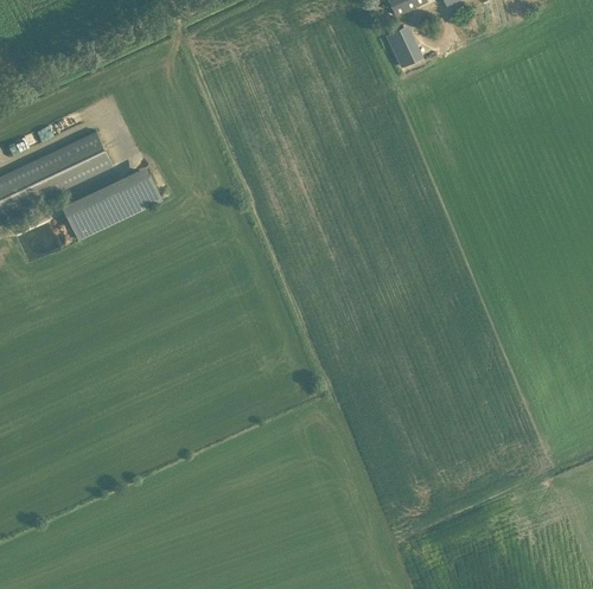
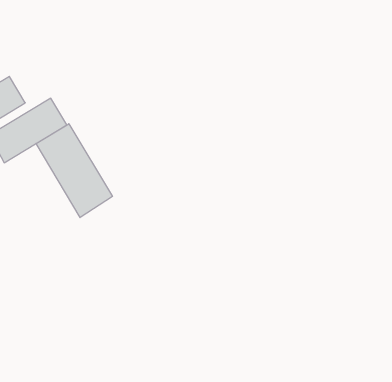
building: none -> [36,124,112,218]

